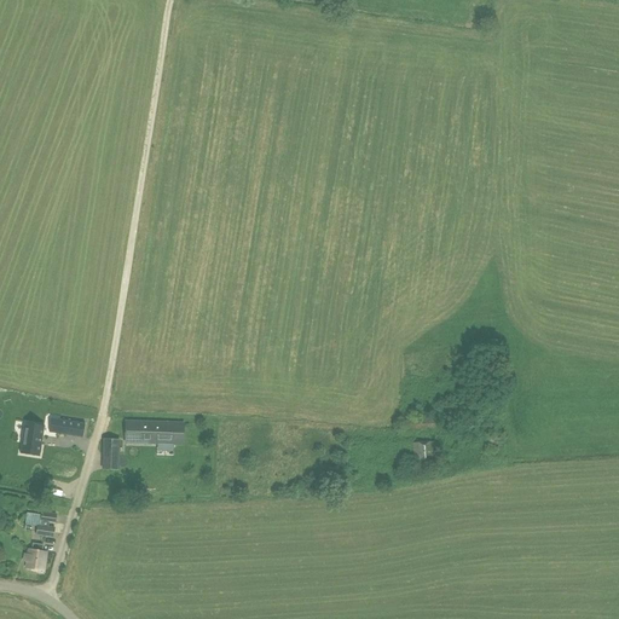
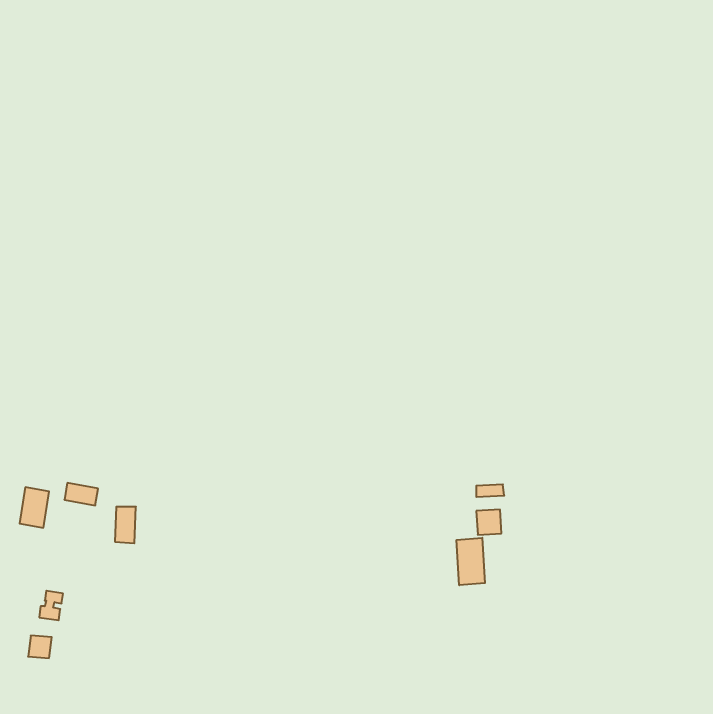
building: [123,420,181,444] -> none
building: none -> [457,538,485,585]

